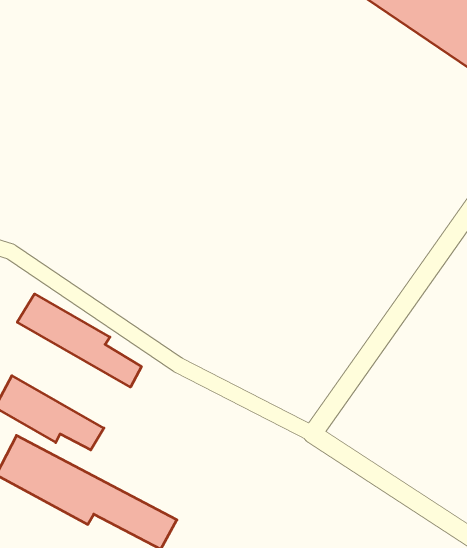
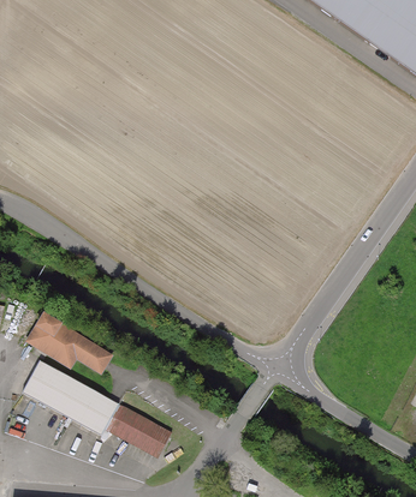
building: [17,294,141,387] -> none

